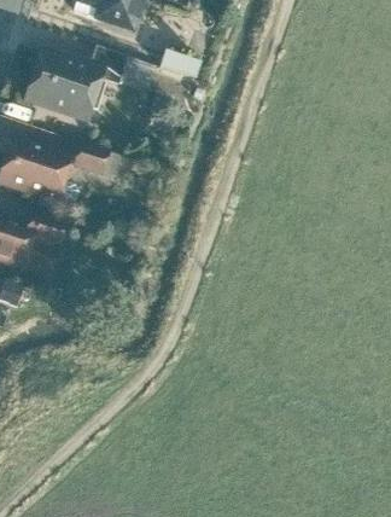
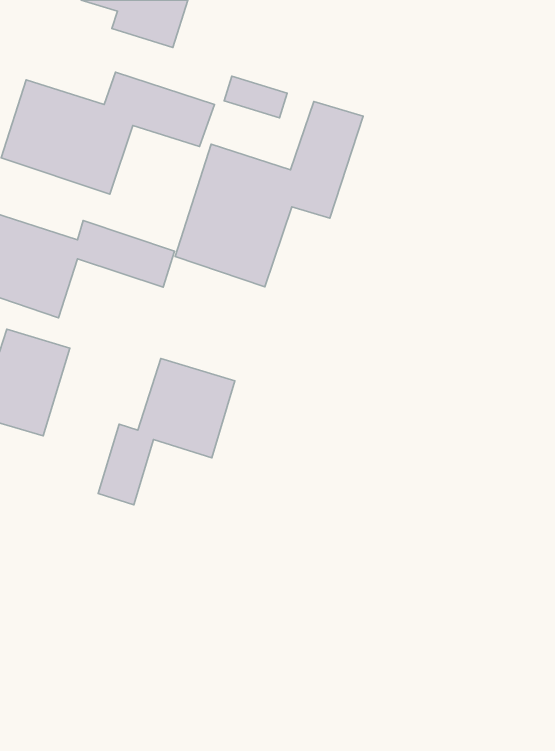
building: none -> [175,102,363,287]
building: none -> [98,358,235,505]

